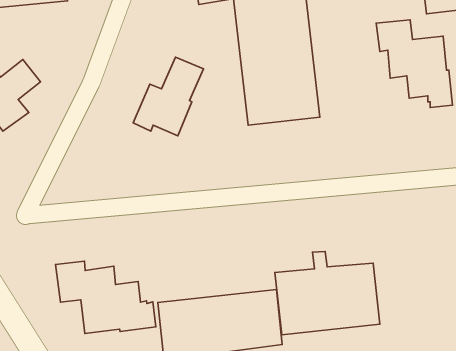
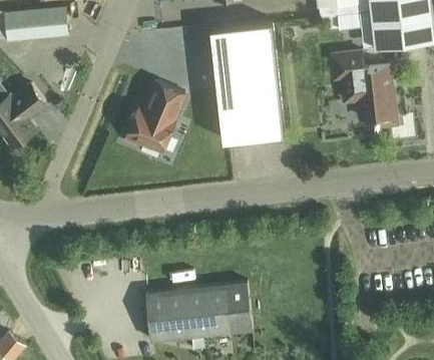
building: [275,251,380,335] -> none
building: [56,261,156,334] -> none

